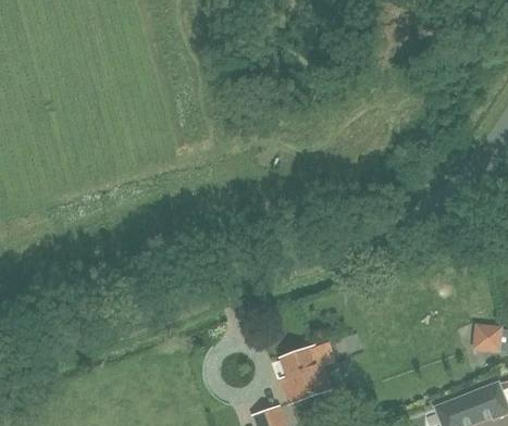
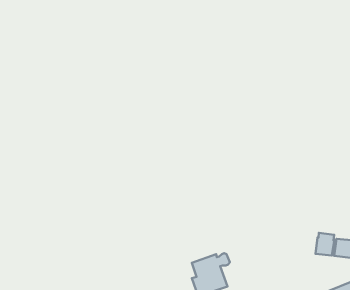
building: none -> [316,233,334,256]

